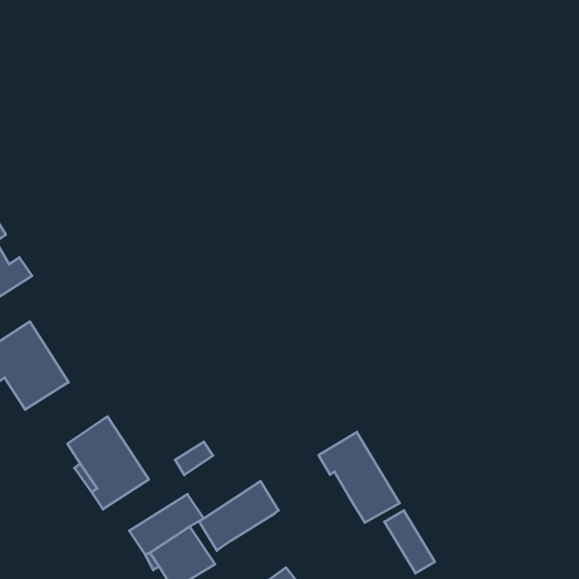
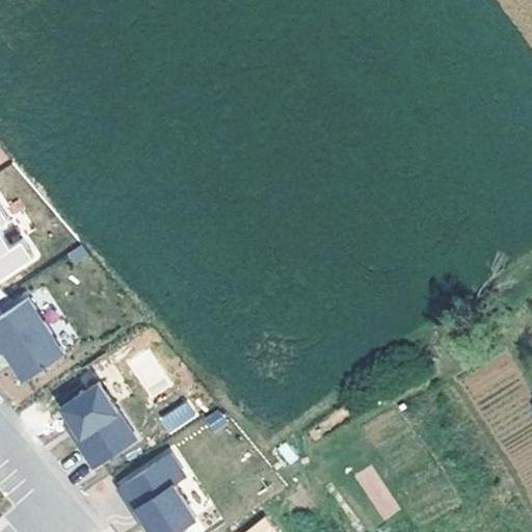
building: [319,432,400,523] -> none
building: [199,481,279,551] -> none

